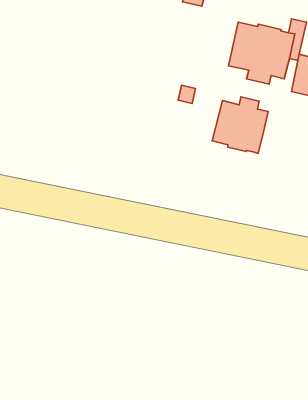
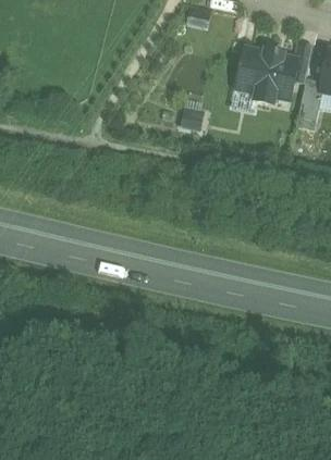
building: [212,97,268,153] -> none

